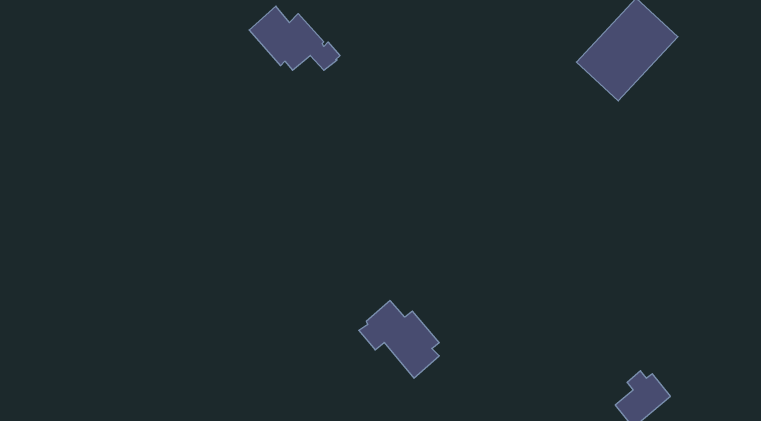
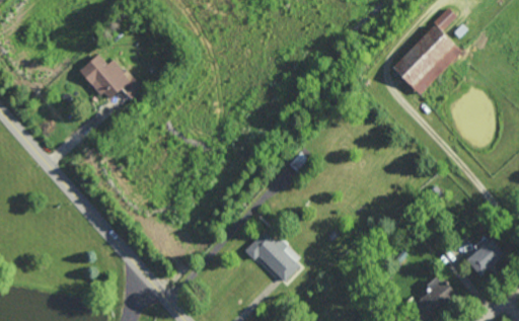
building: [249,6,340,70] -> [79,54,141,97]
building: none -> [465,239,505,276]

